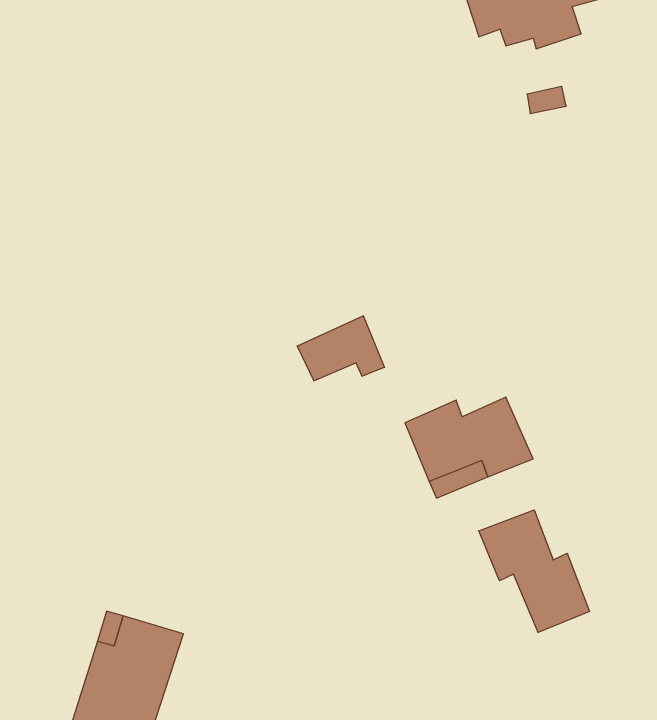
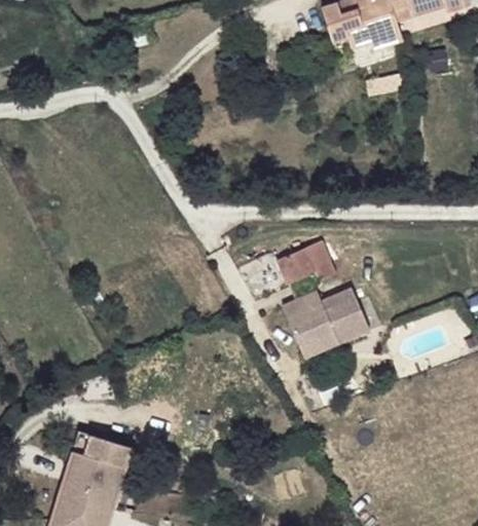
building: [297,316,385,381] -> [277,239,336,284]
building: [479,510,590,633] -> none

